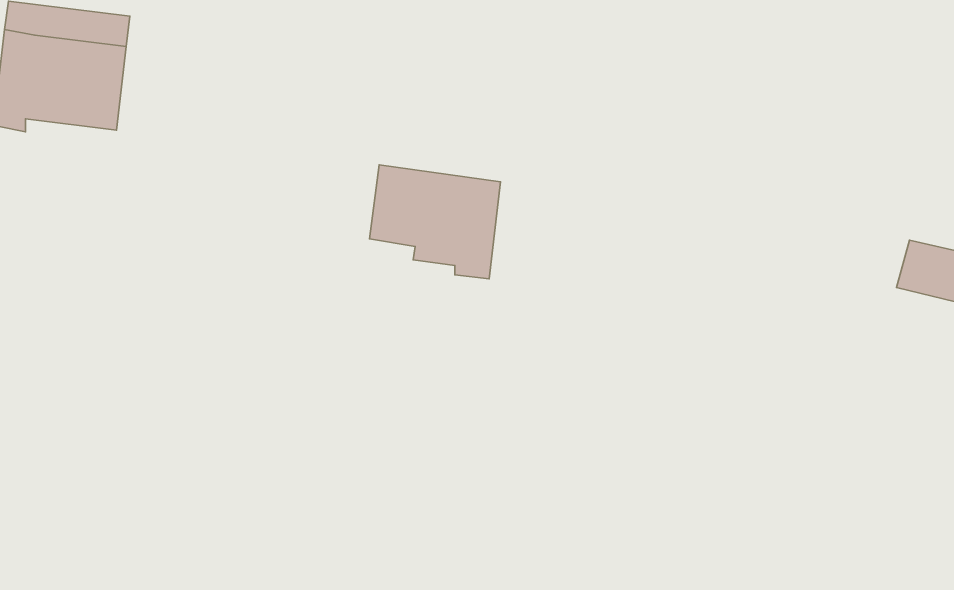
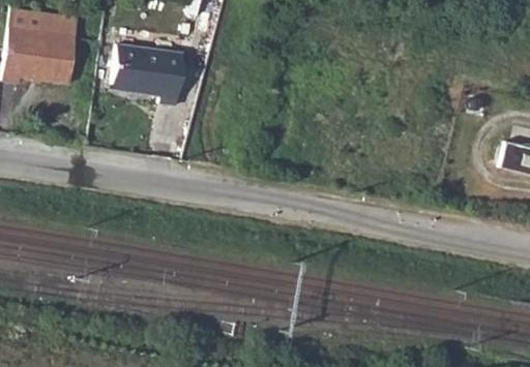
building: [370,165,500,279] -> [112,45,183,108]

